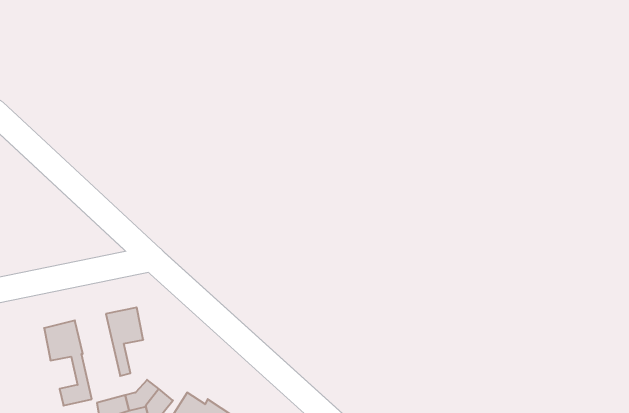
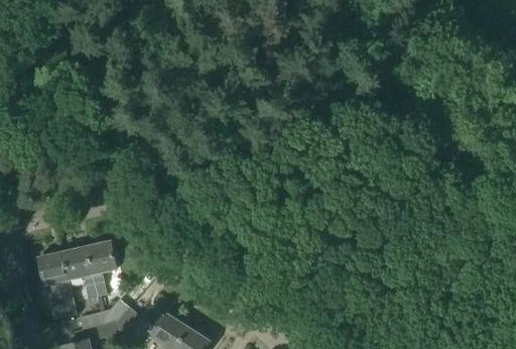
building: none -> [62,248,98,299]

